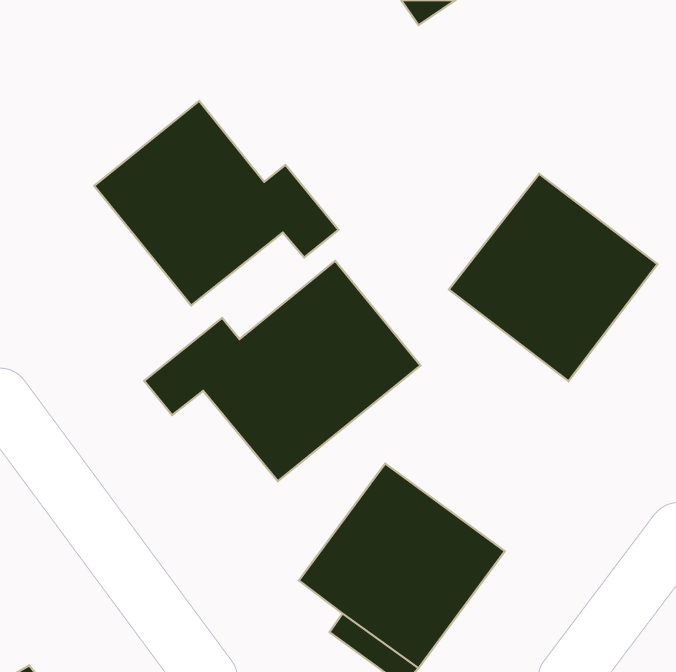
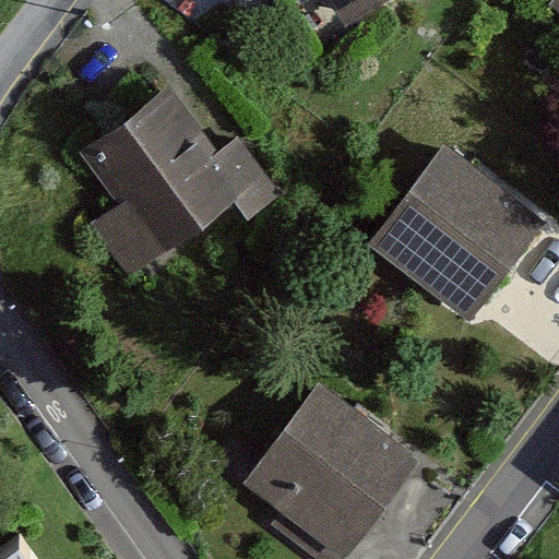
building: [144,261,420,481] -> none

